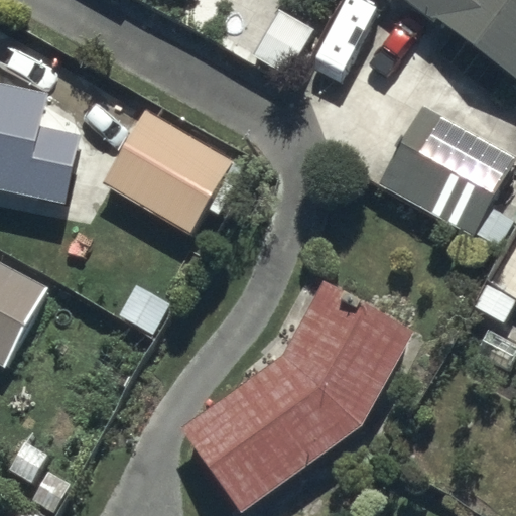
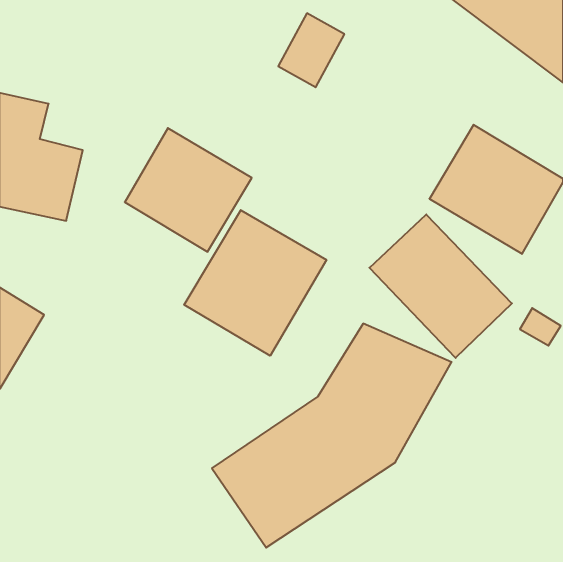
building: none -> [184,210,326,356]
building: none -> [369,214,512,358]

